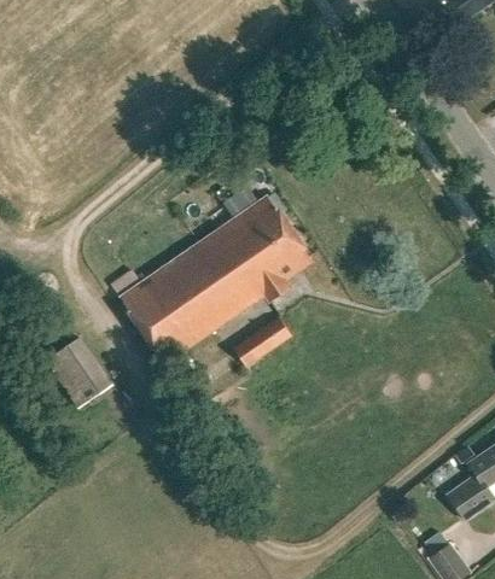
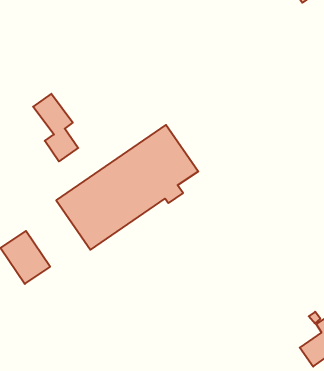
building: none -> [33,94,78,161]
building: [233,316,291,365] -> none

